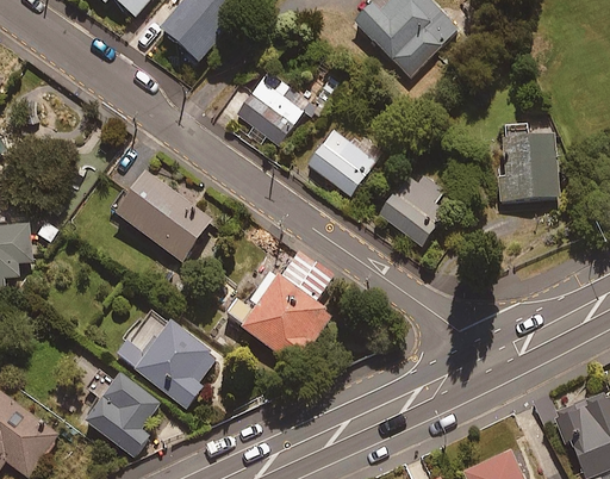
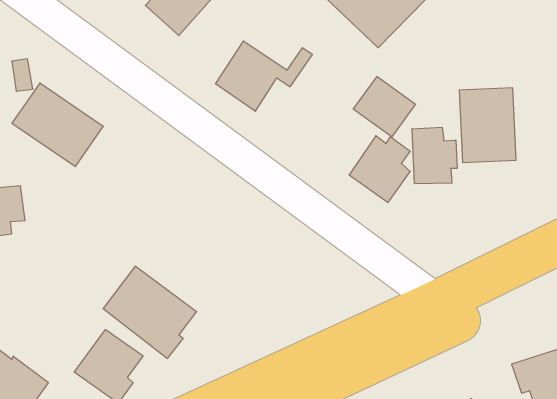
building: [310,129,376,193] -> [353,77,416,137]
building: none -> [412,127,457,184]
building: [114,173,212,262] -> [12,83,103,167]
building: [228,254,331,366] -> none

